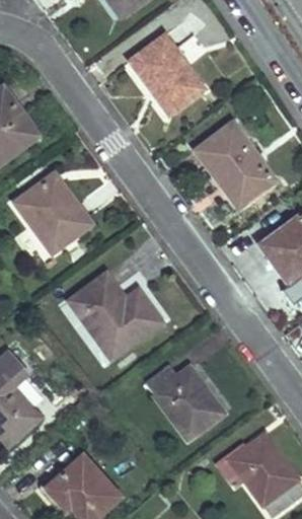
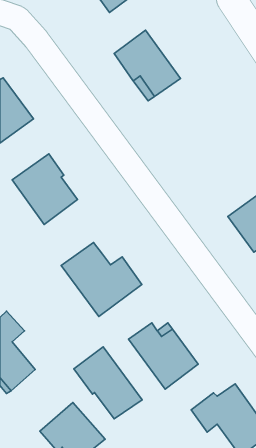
building: [197,124,275,208] -> none
building: none -> [74,347,142,419]

